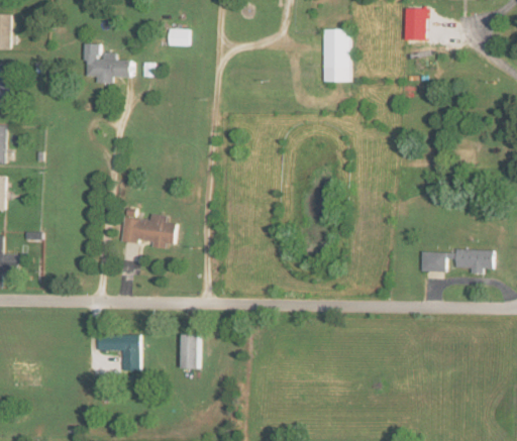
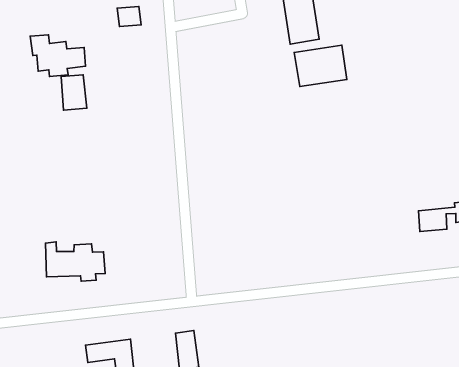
building: none -> [61,75,87,110]
building: none -> [294,45,347,87]
building: [120,209,176,249] -> [45,242,105,281]

